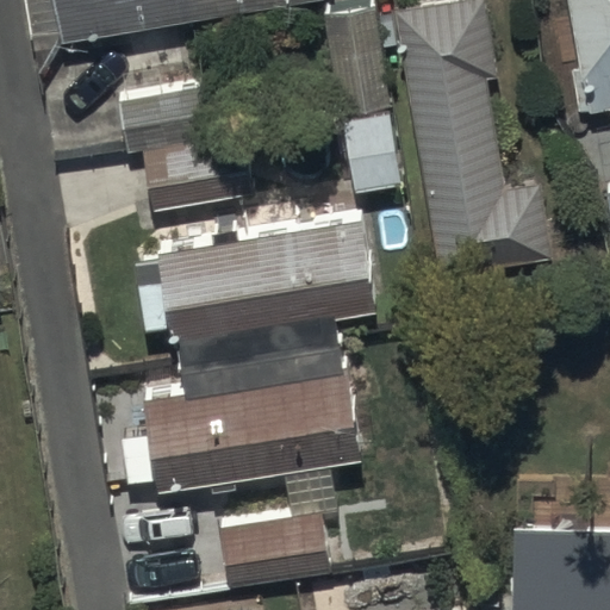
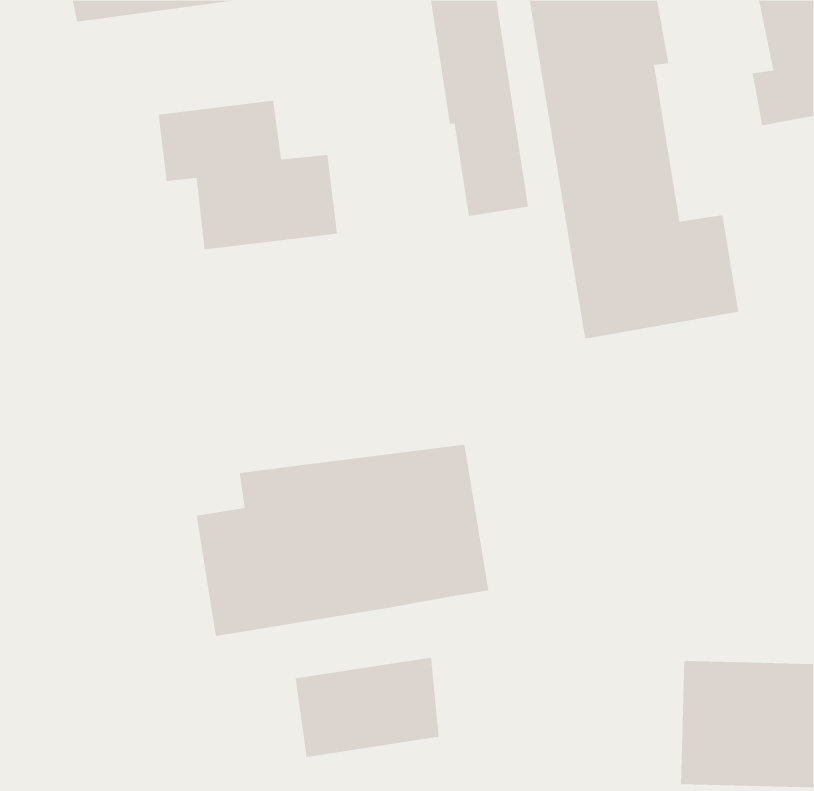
building: [149,232,379,371] -> none

